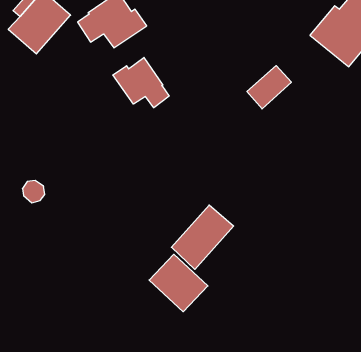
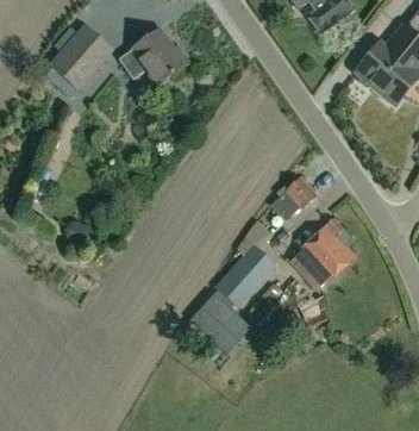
building: [113,57,169,108] -> none
building: [247,66,291,109] -> [270,177,315,221]
building: none -> [296,218,355,288]

